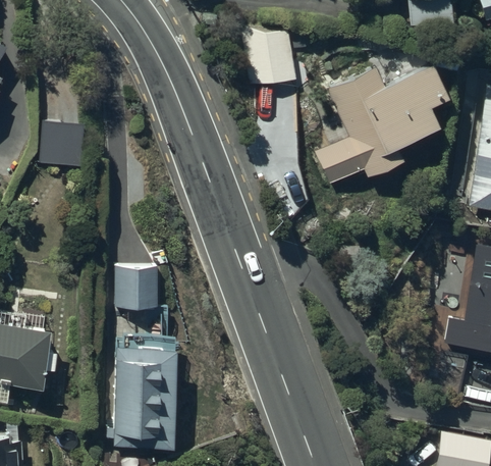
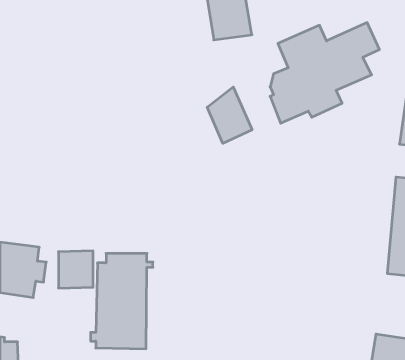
building: [42,123,85,167] -> none
building: none -> [207,87,252,143]
building: [116,265,157,309] -> [58,251,93,288]

